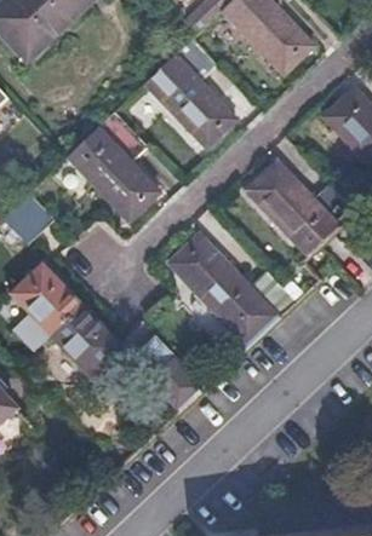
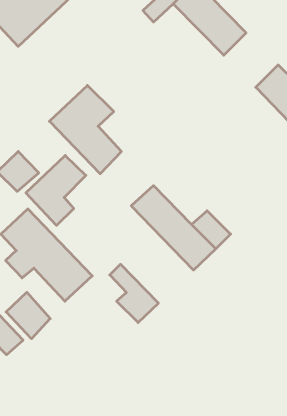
building: [144,36,235,146] -> none
building: [246,161,354,252] -> none
building: none -> [26,155,86,225]
building: none -> [6,292,50,339]

